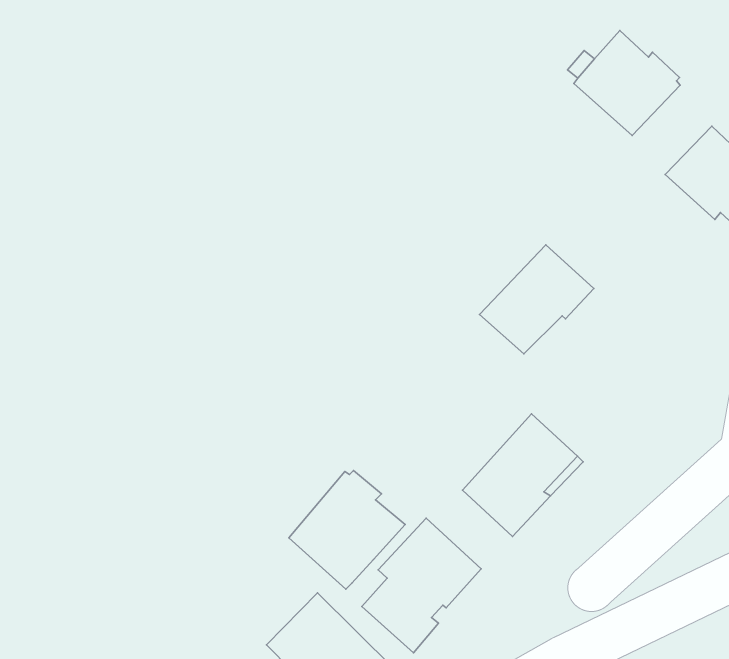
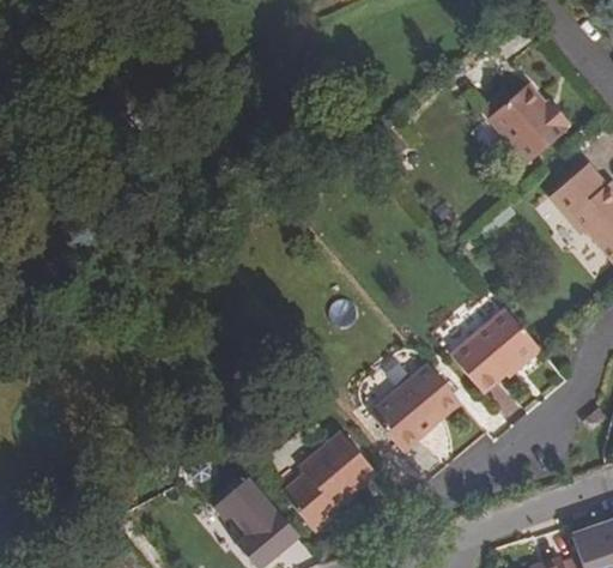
building: [479,245,594,354] -> [450,310,539,391]
building: [289,471,405,589] -> none

